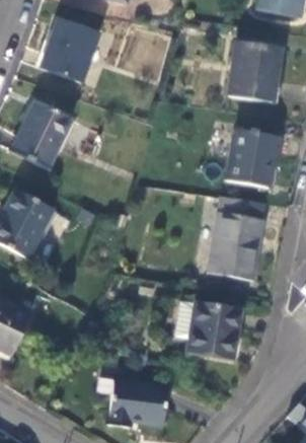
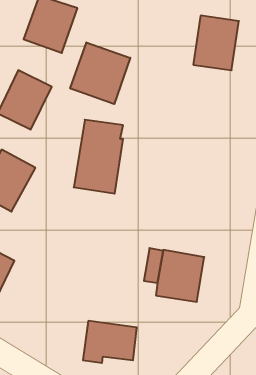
building: none -> [70,42,130,104]
building: [227,129,281,189] -> none
building: [208,198,262,280] -> [74,120,123,194]

